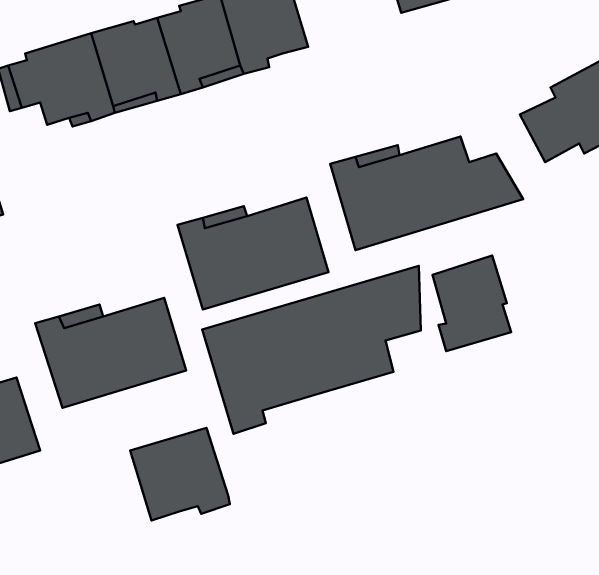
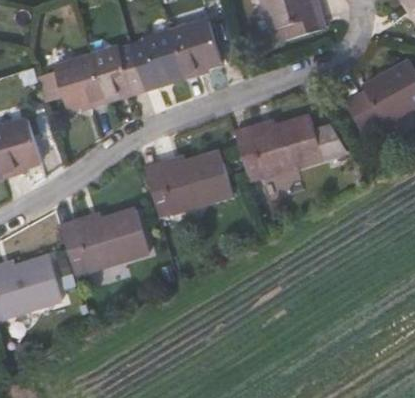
building: [433,255,511,351] -> none
building: [202,266,421,434] -> none
building: [130,428,230,521] -> none

